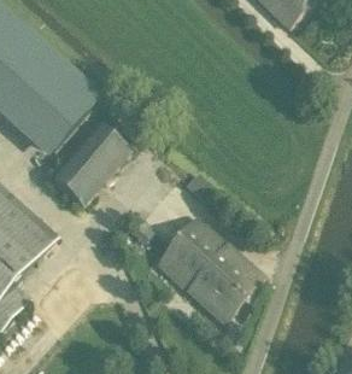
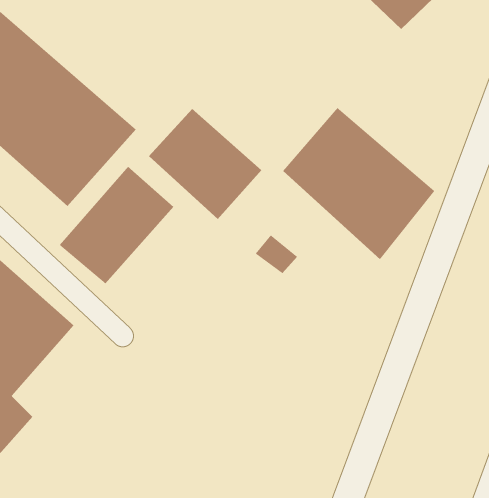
building: none -> [148,108,262,220]
building: [157,217,264,325] -> [282,107,435,260]

